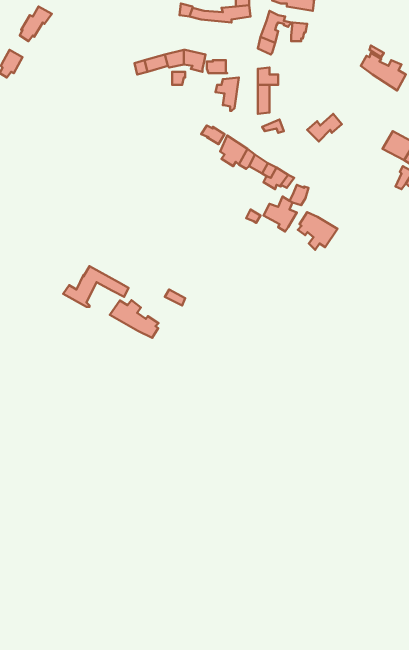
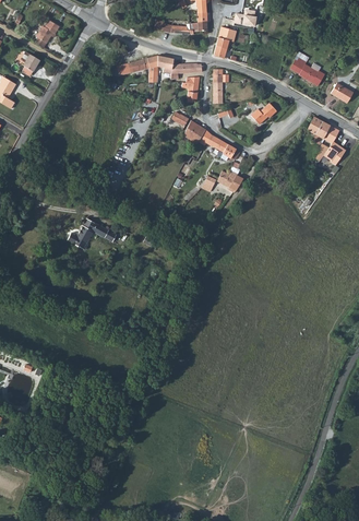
building: [298,212,338,250] -> none
building: [110,300,159,338] -> none

